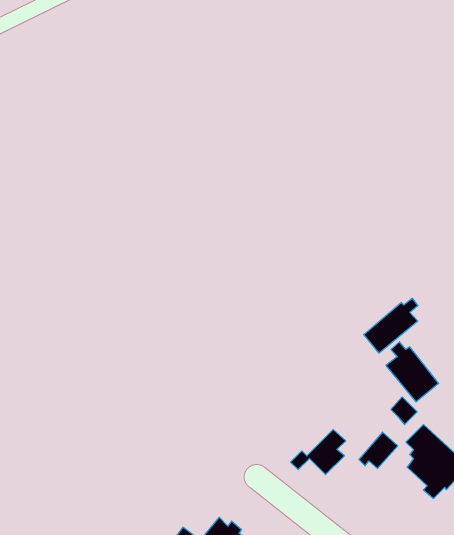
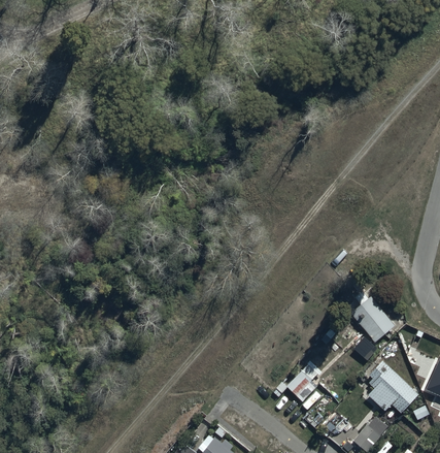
building: [364,298,418,353] -> none
building: [359,432,398,468] -> [356,416,387,446]

